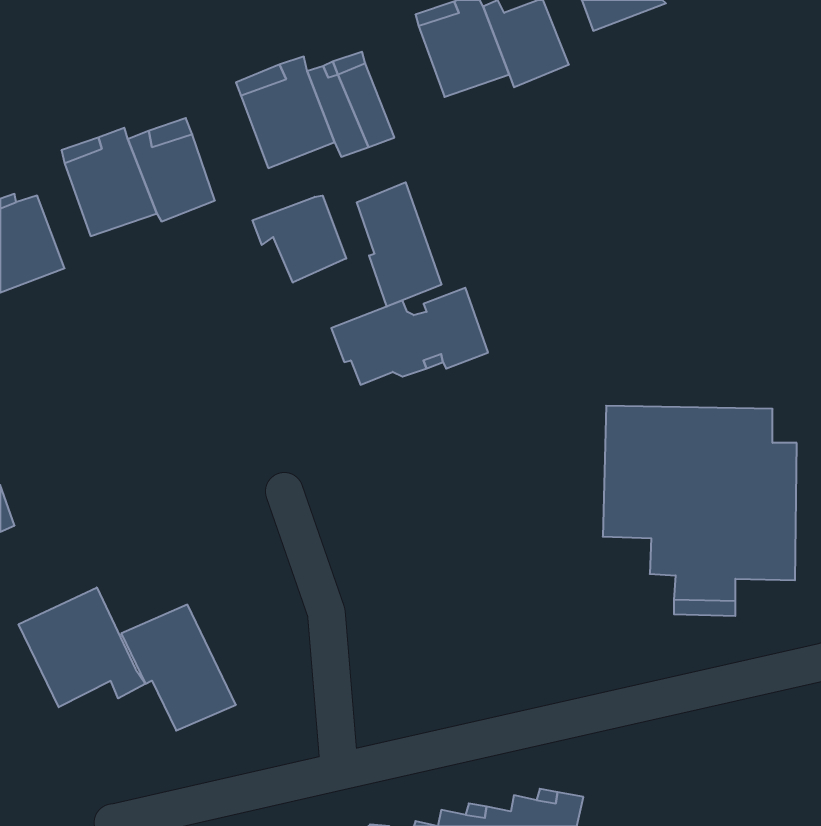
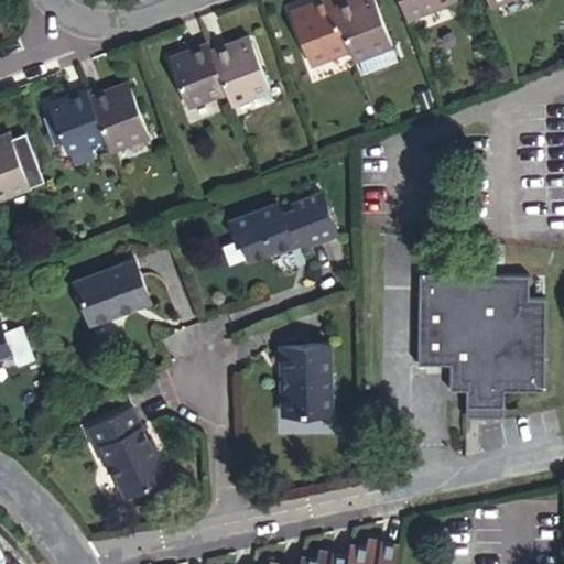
building: [357,182,441,307] -> none
building: [252,196,346,283] -> none
building: none -> [74,261,148,326]
building: none -> [274,347,323,412]
building: [19,587,145,707] -> none

